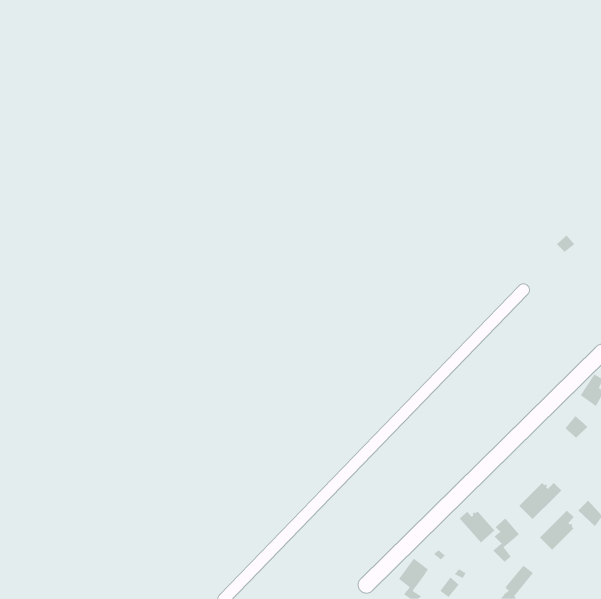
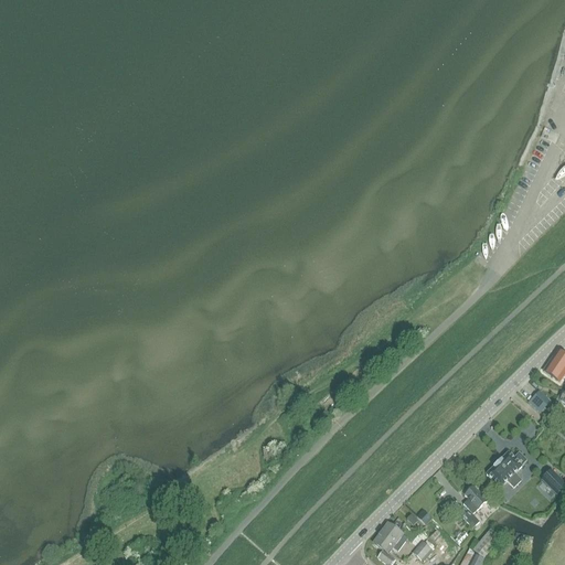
building: [539,510,575,550] -> none
building: [459,510,495,543] -> none

